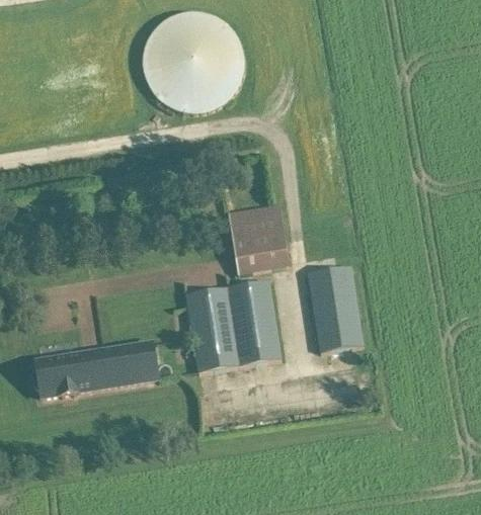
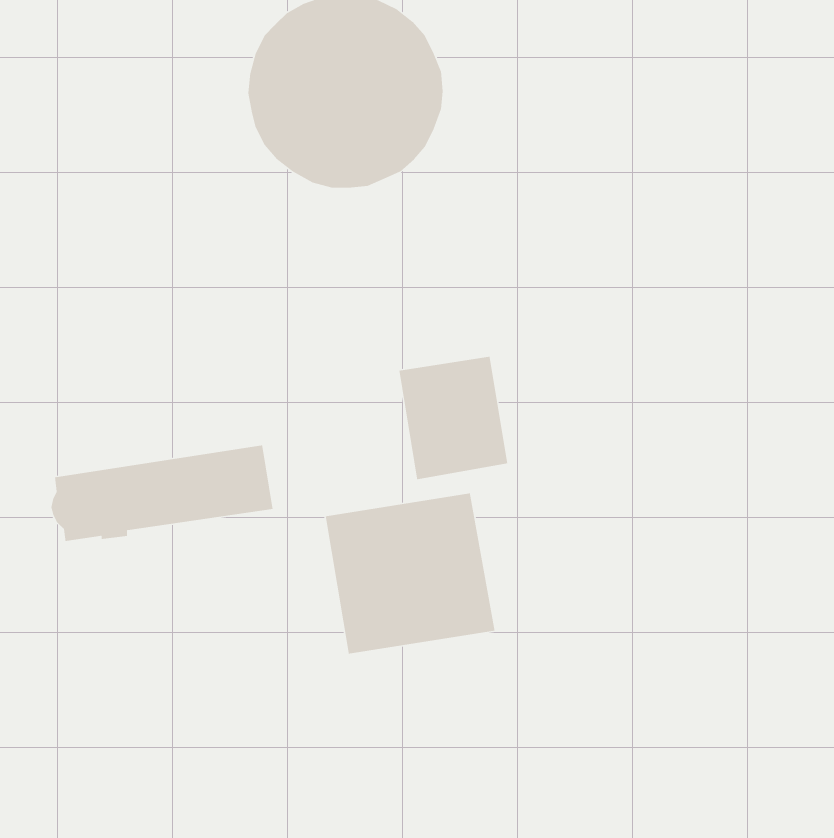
building: [309,267,364,353] -> none
building: [33,342,159,397] -> [51,445,274,542]

